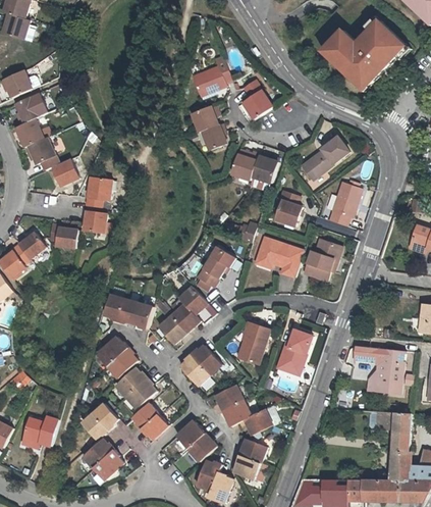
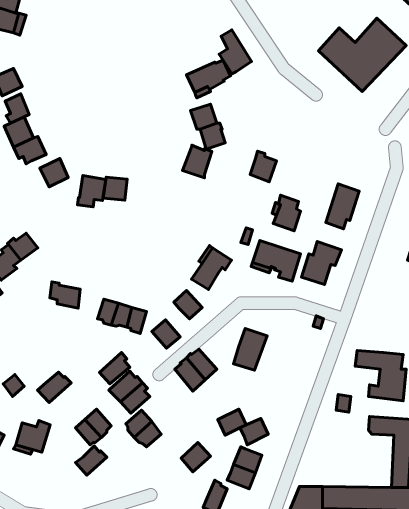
building: [243,74,274,117] -> [219,30,252,74]
building: [303,138,351,178] -> none
building: [232,145,261,176] -> [182,145,212,178]
building: [83,209,106,232] -> [103,177,127,200]
building: [49,221,78,247] -> [50,282,80,308]
building: [171,304,200,332] -> none
building: [274,332,311,377] -> none
building: [96,337,128,366] -> [38,372,71,403]
building: [214,387,243,412] -> none
building: [174,421,203,450] -> none
building: [95,449,122,477] -> none
building: [195,460,221,491] -> none

